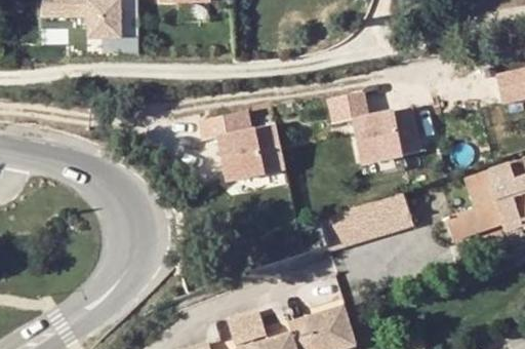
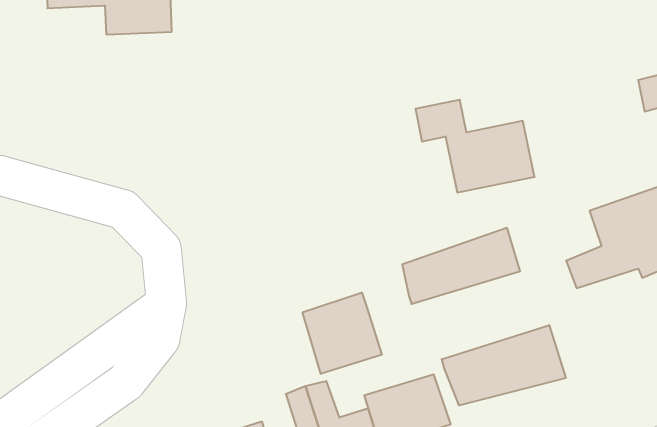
building: [200,111,284,181] -> none
building: none -> [303,293,382,374]
building: none -> [442,325,566,405]

